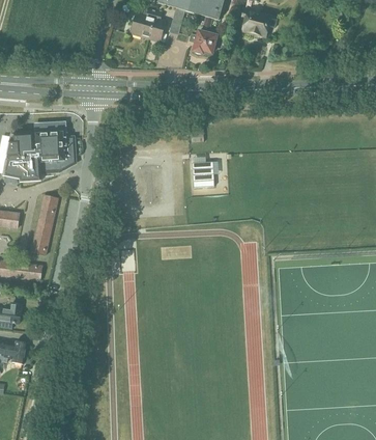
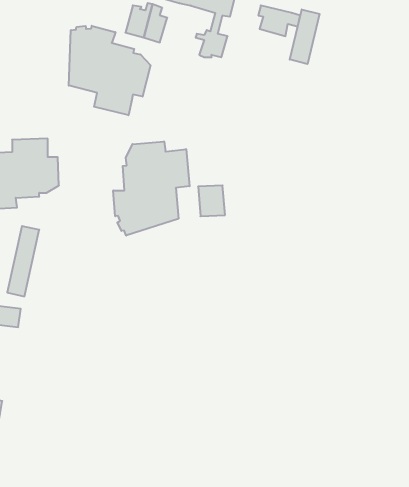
building: none -> [290,9,320,64]
building: none -> [69,26,151,115]
building: none -> [113,141,190,236]

